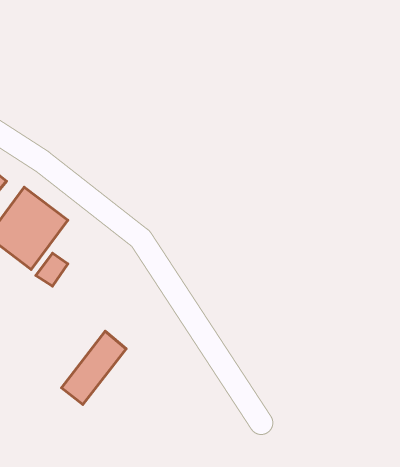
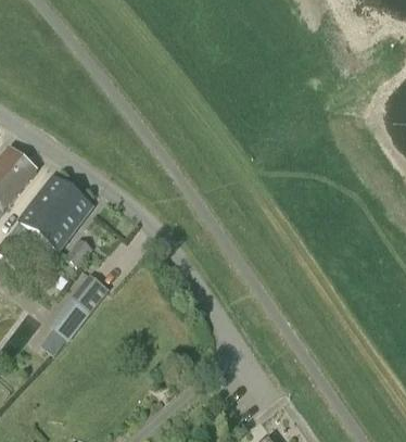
building: [61,331,126,404] -> [49,271,109,339]

